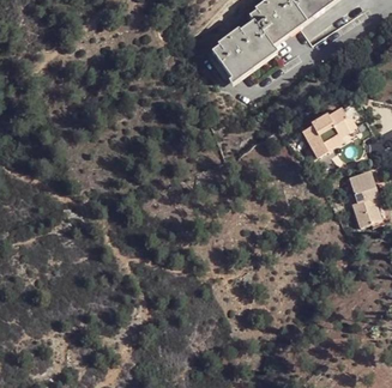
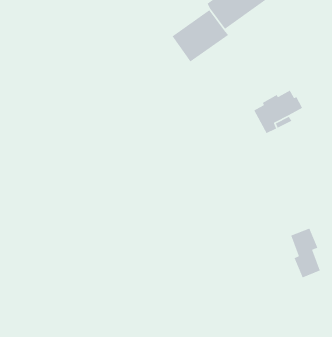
building: [346,171,380,228] -> [290,227,321,279]

